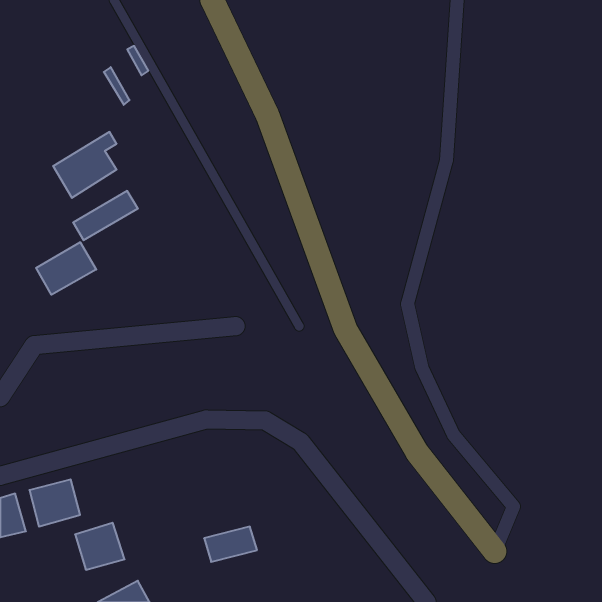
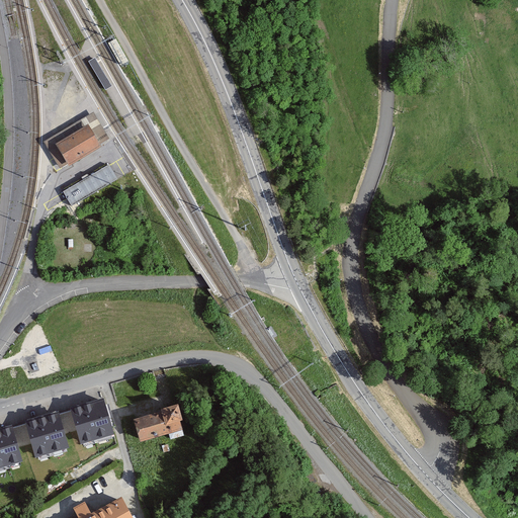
building: [36,242,96,295] -> none
building: [75,523,125,570] -> [69,398,111,438]
building: [204,527,257,562] -> [136,409,181,439]

